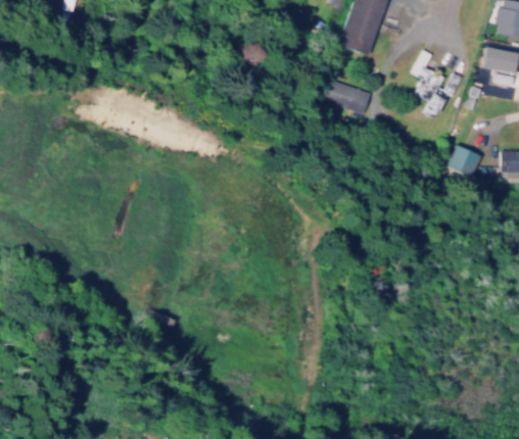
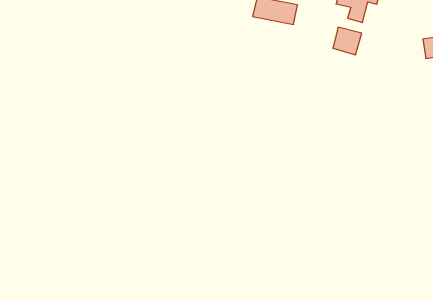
building: [446,145,480,178] -> [333,27,362,55]

